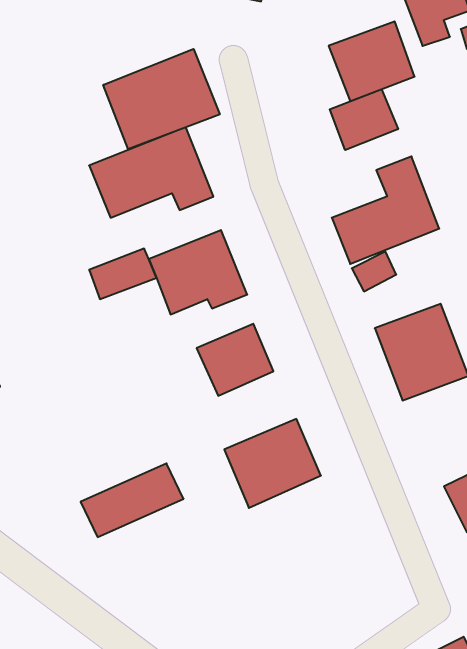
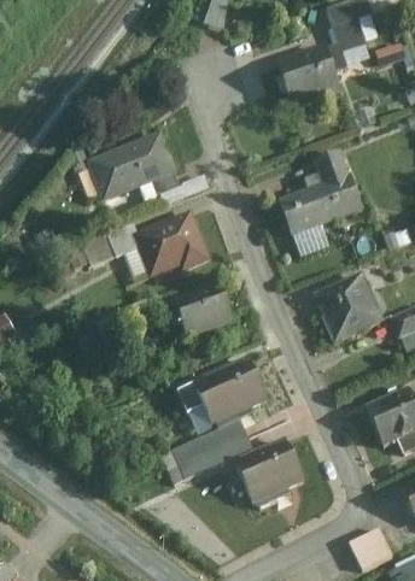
building: [103,49,220,149] -> none
building: [330,89,398,150] -> none
building: [81,463,184,537] -> [174,418,255,476]
building: none -> [232,440,305,506]

